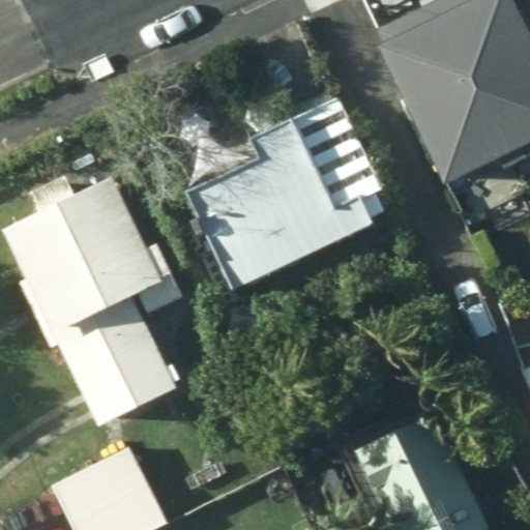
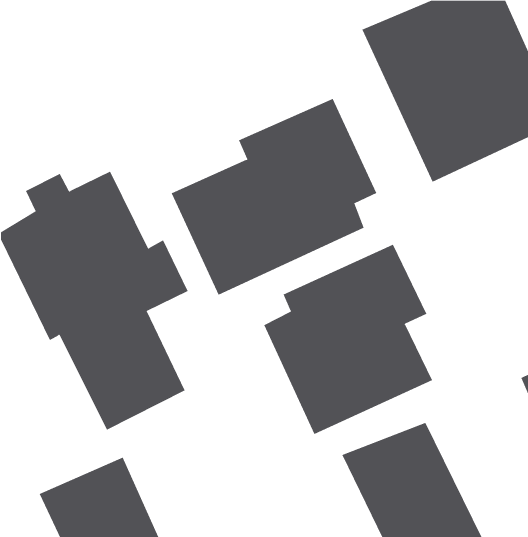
building: none -> [263,244,433,435]

